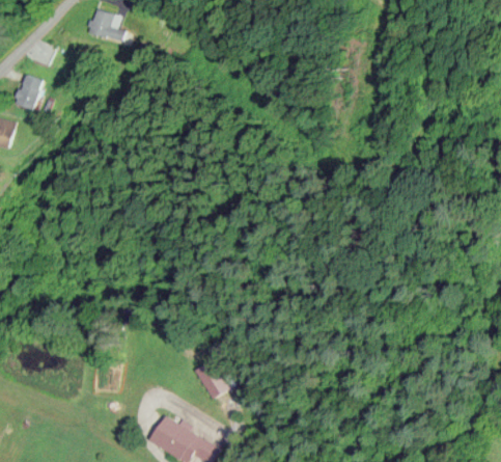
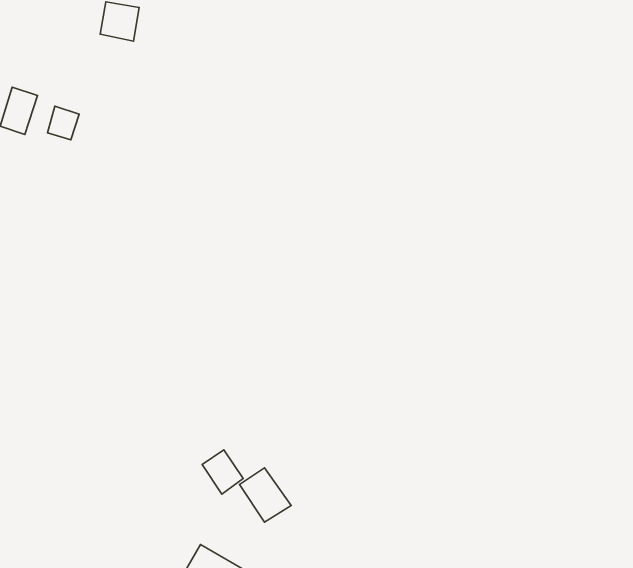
building: none -> [47,106,79,140]
building: none -> [202,450,243,494]

